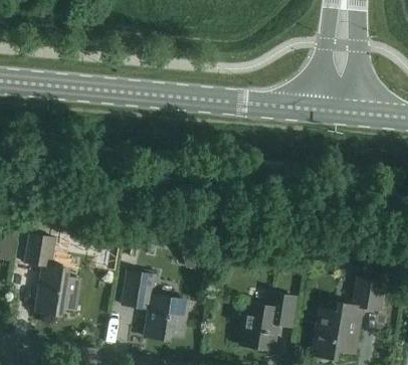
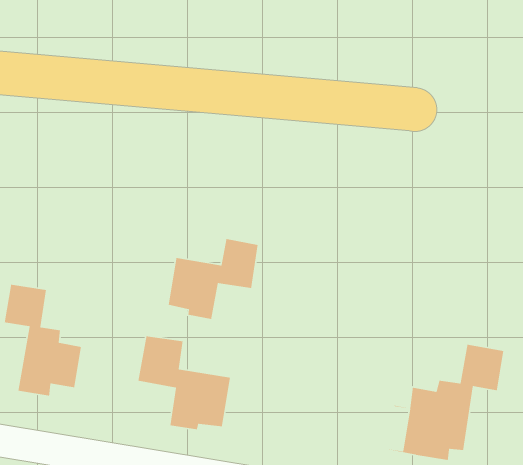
building: none -> [168,238,259,320]
building: [241,293,296,349] -> none

